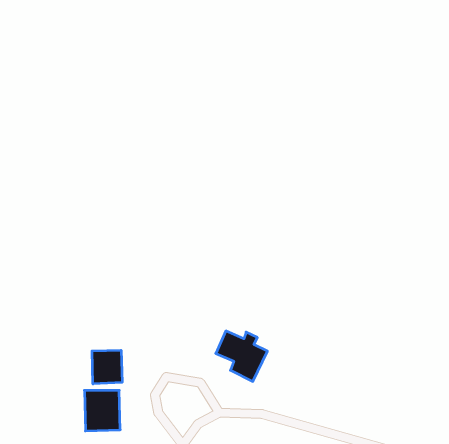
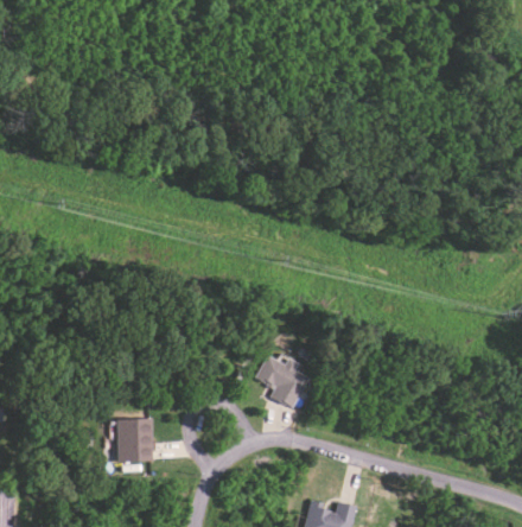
building: [92,350,122,384] -> none

